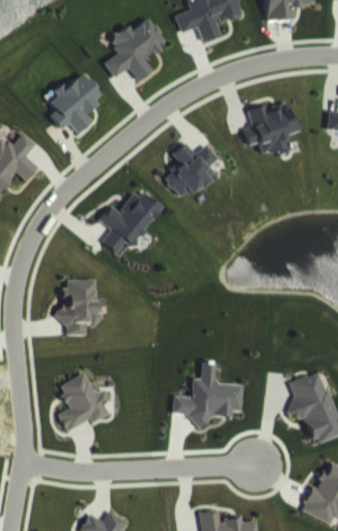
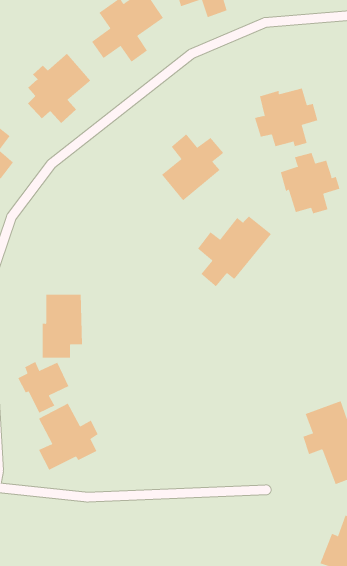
building: none -> [280,152,340,214]
building: [98,191,163,252] -> [197,216,272,287]
building: none -> [18,361,69,413]
building: [172,361,242,425] -> none

